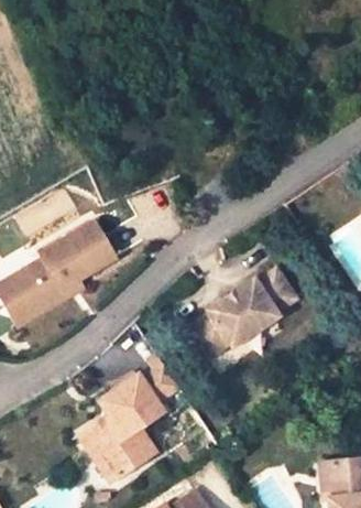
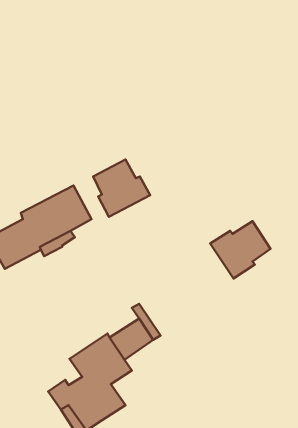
building: none -> [93,159,150,217]
building: [190,292,256,355] -> none

